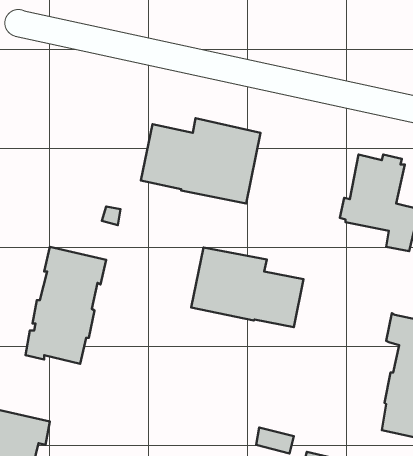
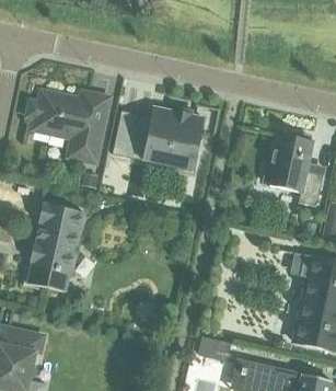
building: none -> [28,91,109,163]
building: [191,247,303,327] -> none

